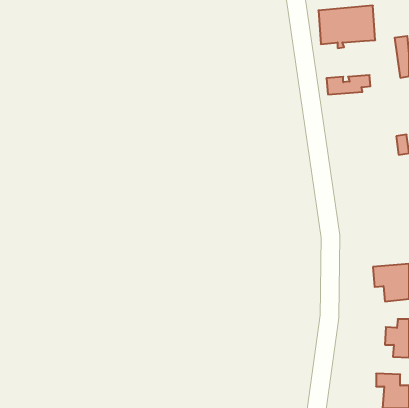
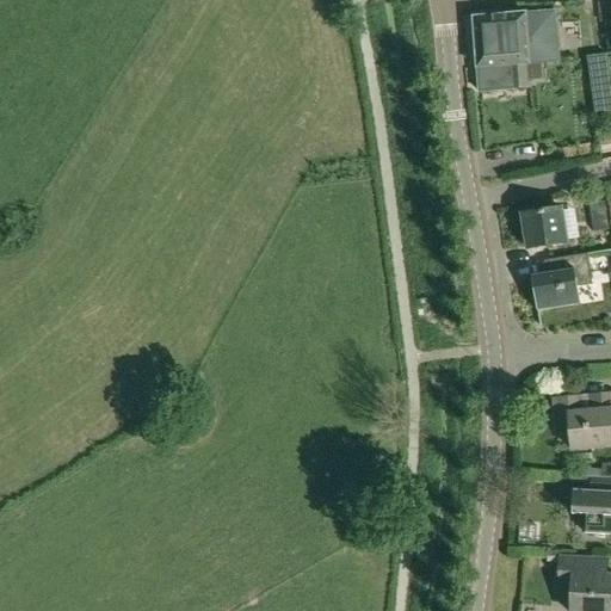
building: [326,75,370,94] -> [477,61,543,90]
building: none -> [523,206,567,247]
building: none -> [532,252,593,308]

